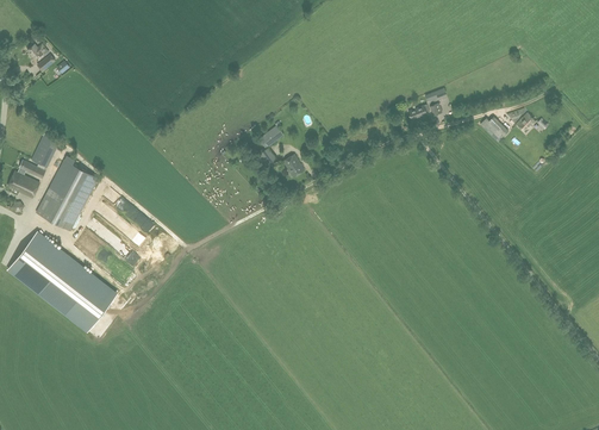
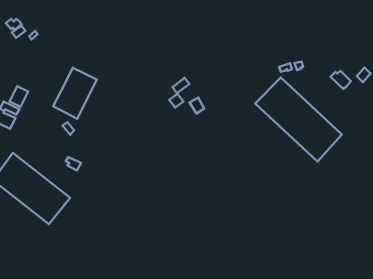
building: none -> [255,78,342,161]
building: [37,160,98,231] -> [53,68,97,119]

